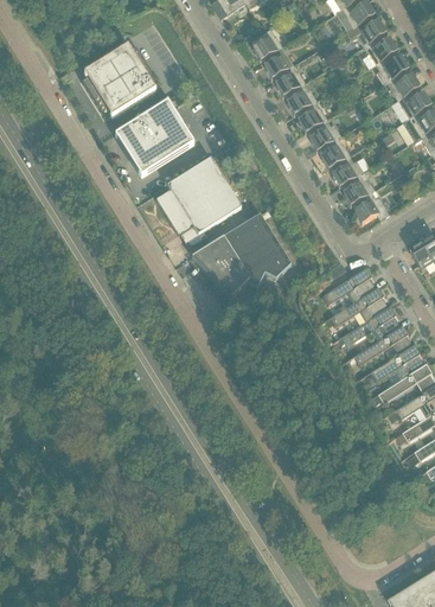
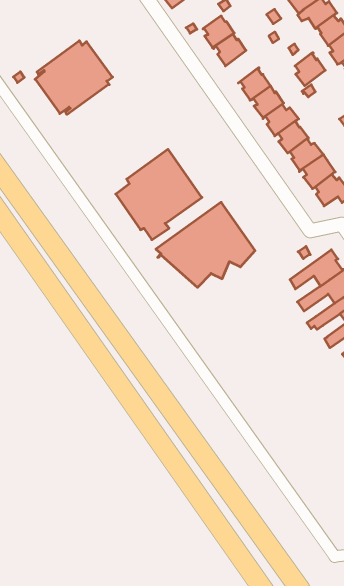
building: [275,64,305,96] -> [295,53,325,86]
building: [115,91,194,177] -> none

